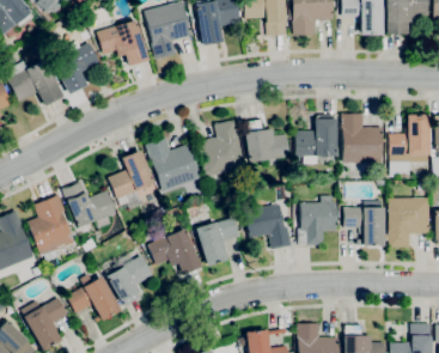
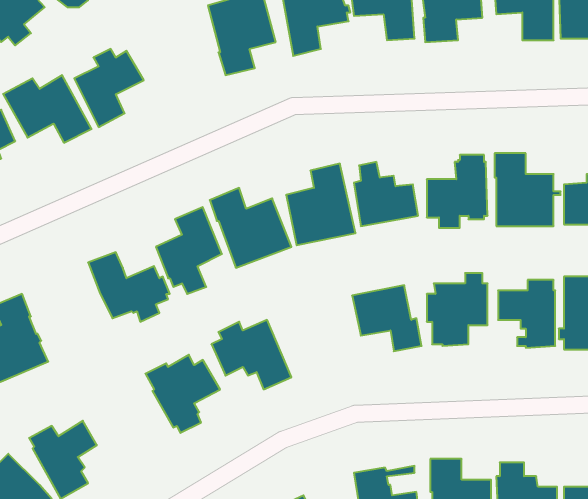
building: [97,19,150,66] -> none
building: [28,194,75,261] -> none
building: [196,217,240,266] -> none
building: [67,274,121,322] -> none

